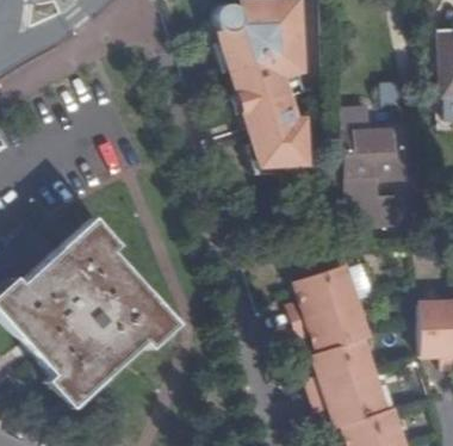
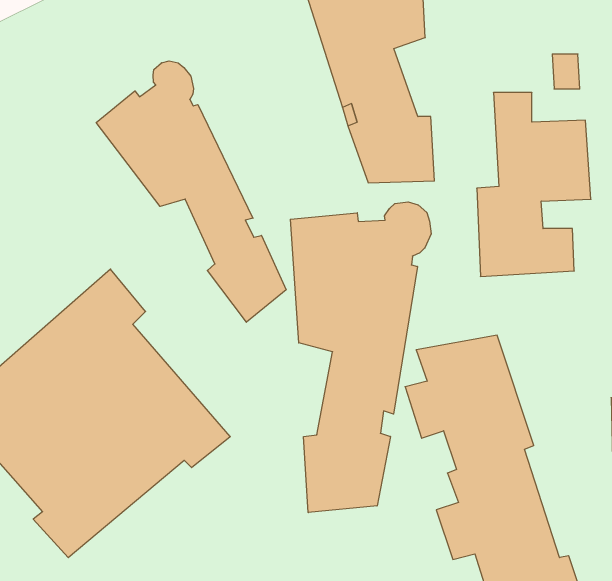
building: none -> [96,61,286,322]
building: none -> [290,202,431,513]

